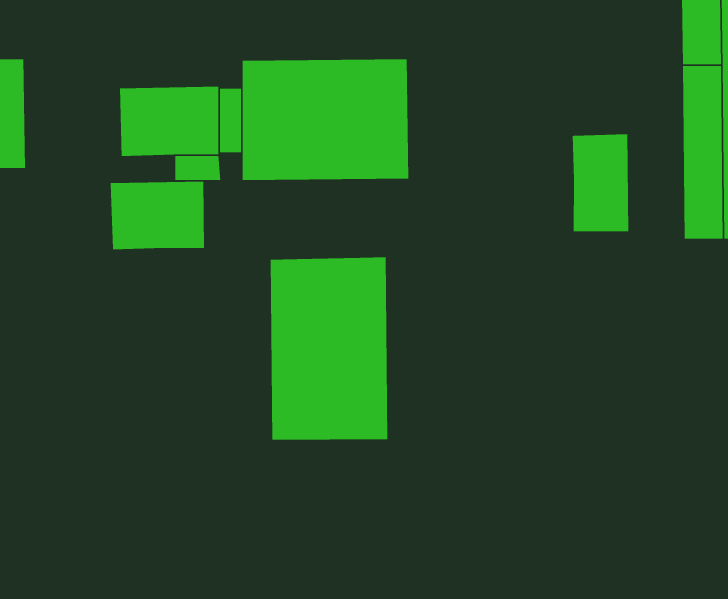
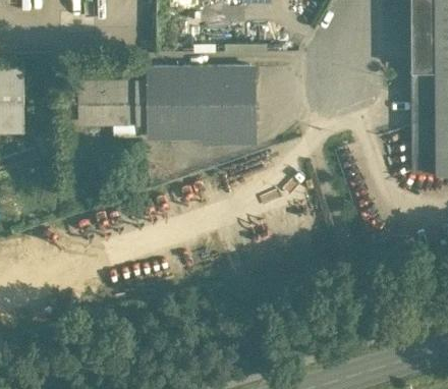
building: [572,133,629,232] -> none
building: [110,181,205,250] -> none
building: [270,257,388,441] -> none

